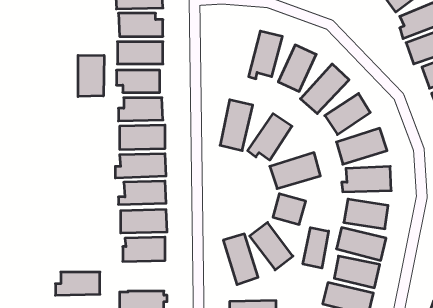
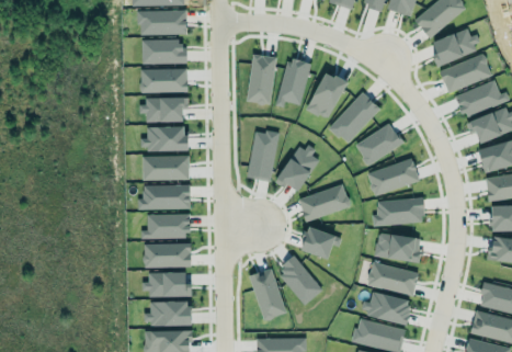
building: none -> [248,55,276,104]
building: [78,55,104,97] -> none
building: [303,228,329,268] -> none
building: [55,272,100,295] -> [145,302,191,326]

